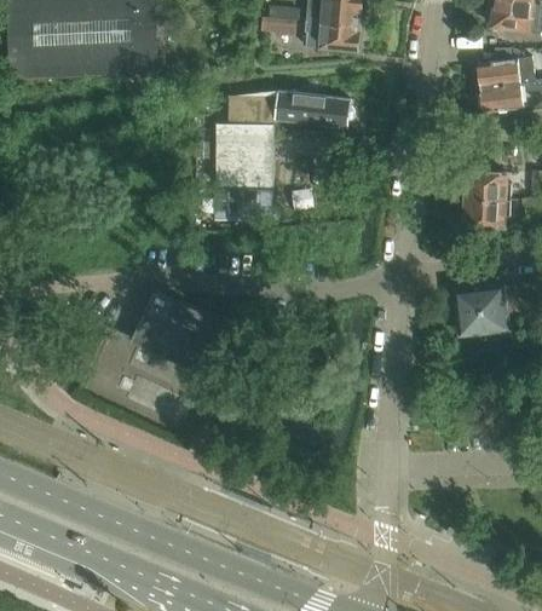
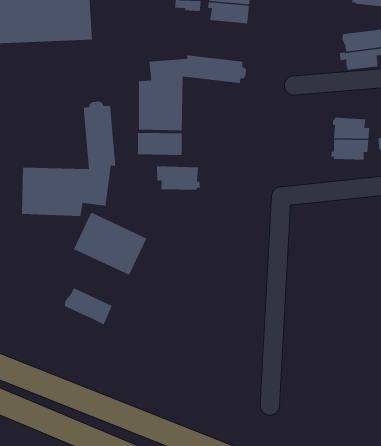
building: none -> [21,101,116,217]
building: none -> [156,166,201,191]
building: [457,284,507,334] -> none
building: none -> [64,287,113,325]

